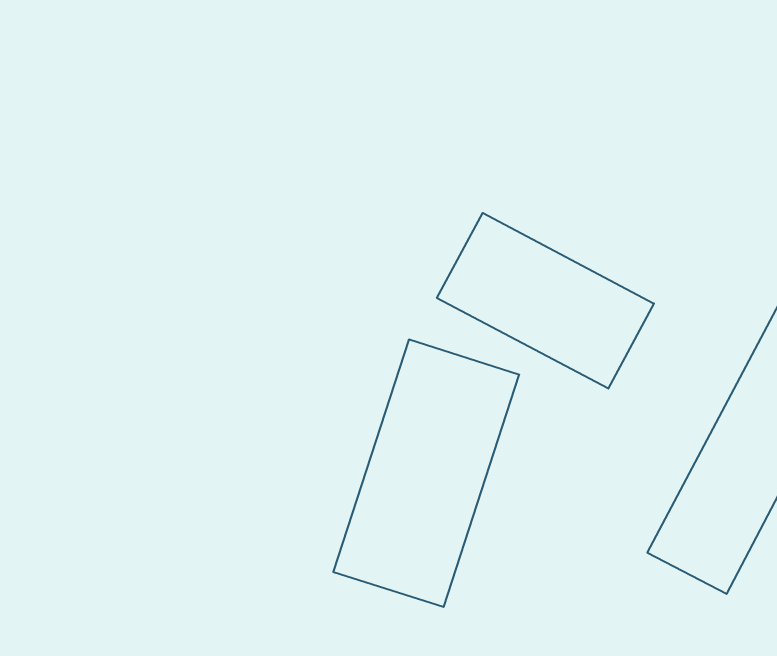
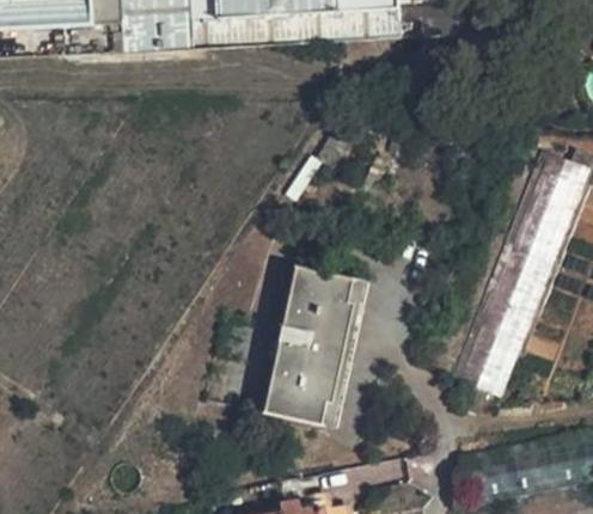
building: [437,213,654,389] -> none

